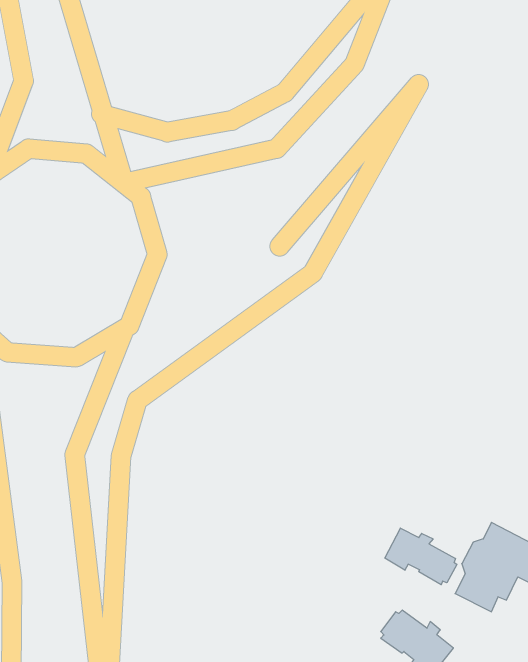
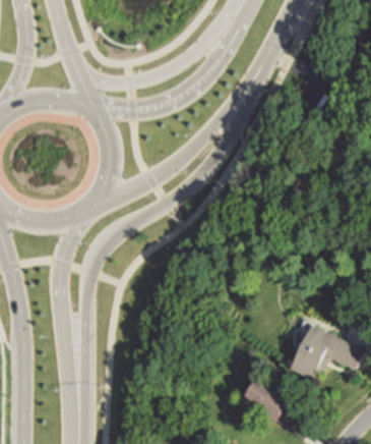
building: [385,528,457,585] -> none

